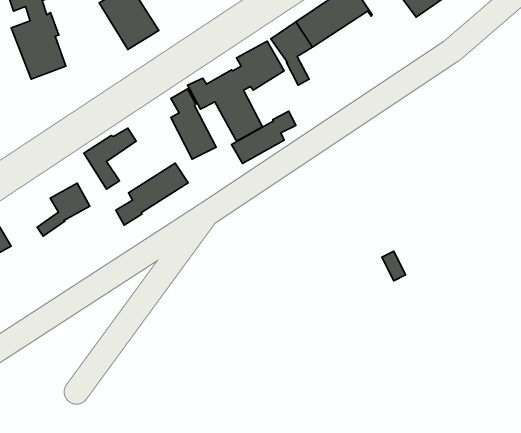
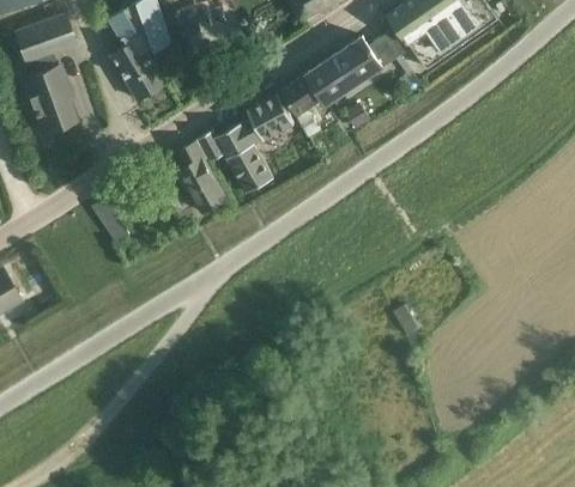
building: [231,111,296,164] -> none
building: [116,163,188,225] -> none
building: [37,183,90,236] -> none

